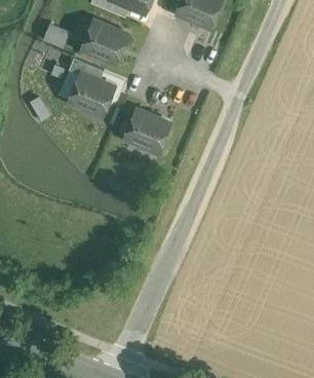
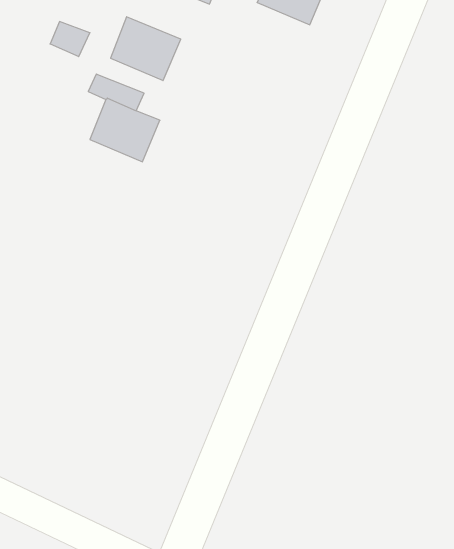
building: [124,110,169,151] -> none

